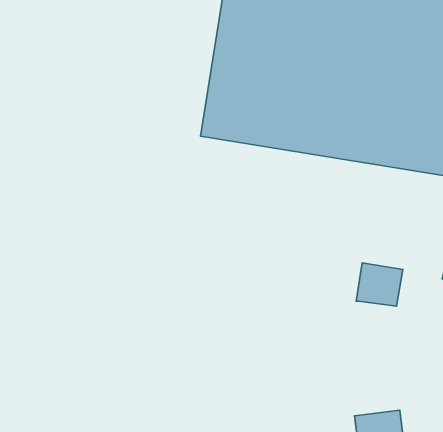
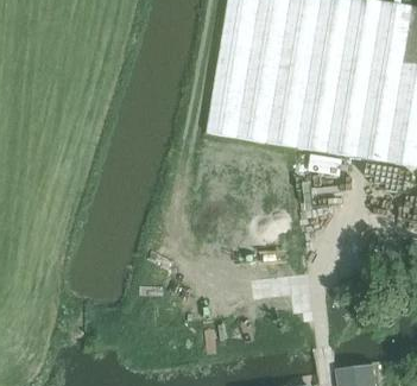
building: [356,263,403,306] -> none

